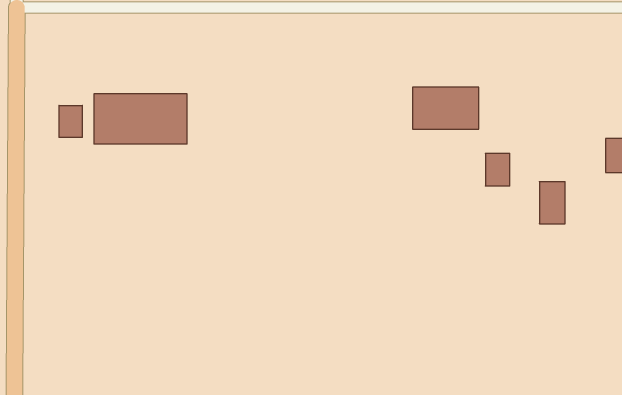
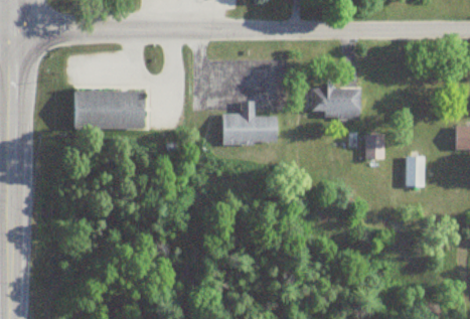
building: [59,105,82,137] -> none
building: none -> [222,102,277,145]

